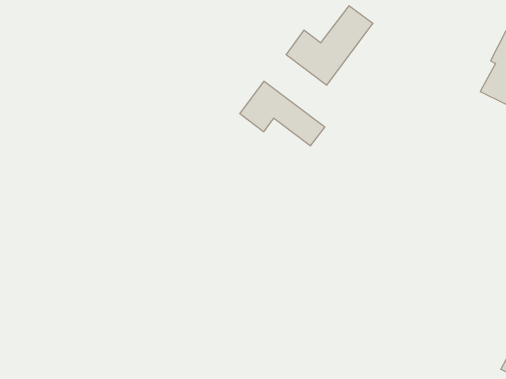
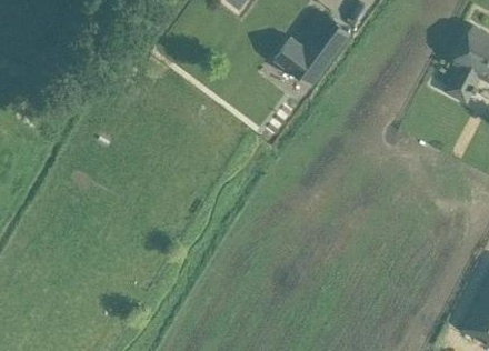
building: [240,81,325,146] -> none

